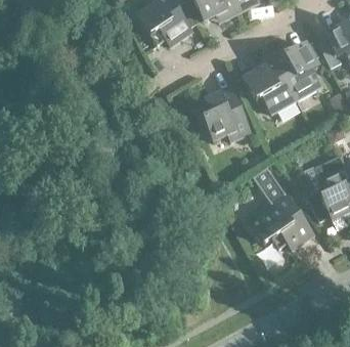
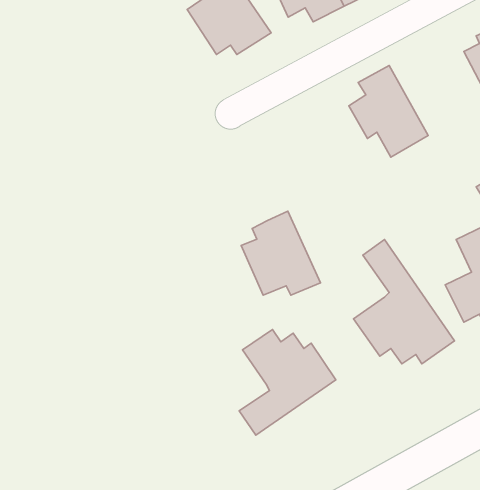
building: [271,41,321,98] -> none
building: [200,85,252,140] -> [241,211,321,295]
building: none -> [239,330,336,435]

